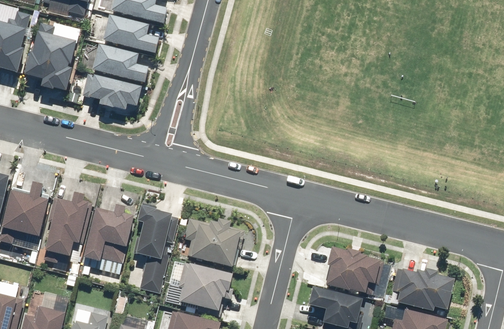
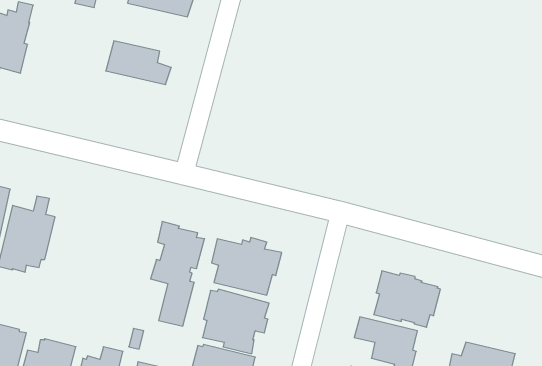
building: [102,15,159,54] -> none
building: [25,23,76,94] -> none
building: [81,74,142,110] -> none
building: [44,189,92,256] -> none
building: [84,202,134,263] -> none
building: [391,266,455,309] -> none

